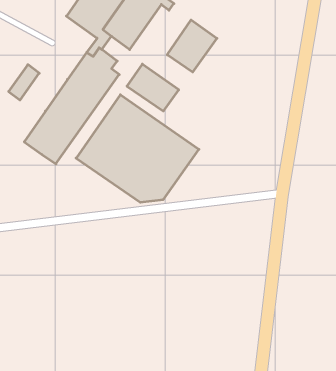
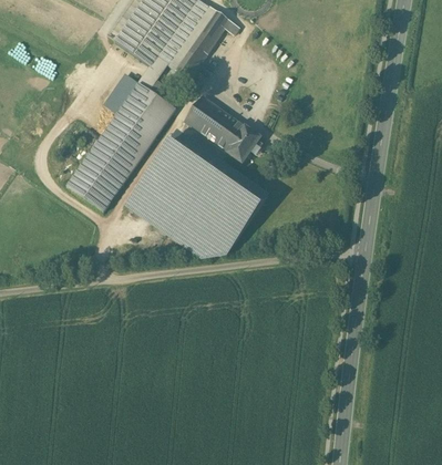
building: [167,20,217,72] -> none
building: [9,65,39,100] -> [102,73,137,114]
building: none -> [225,125,260,163]

